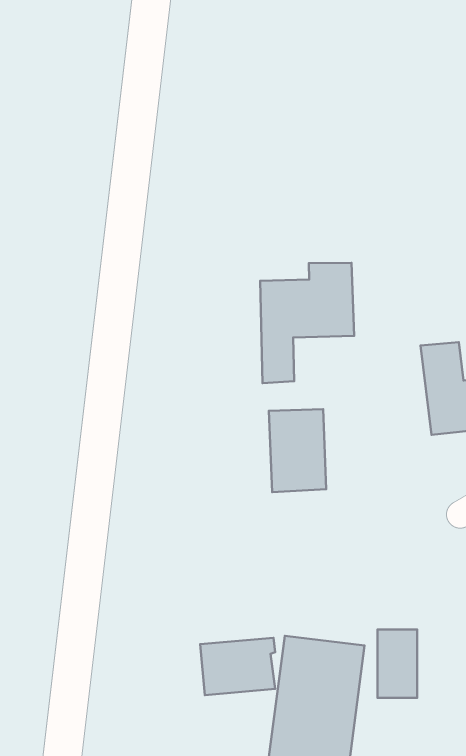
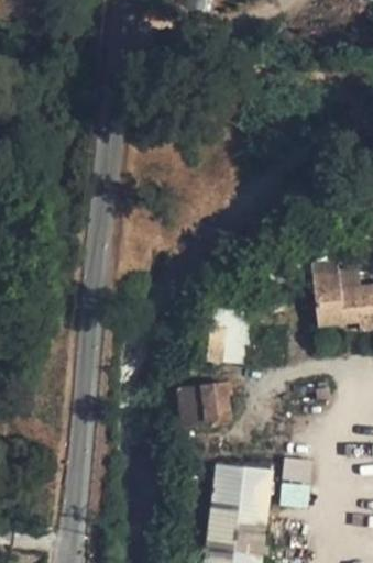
building: [260,263,354,383] -> none
building: [200,638,275,695] -> [179,383,231,422]

